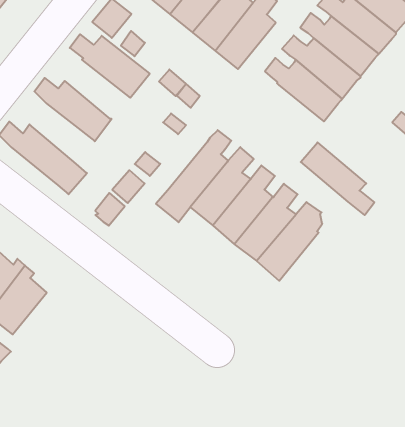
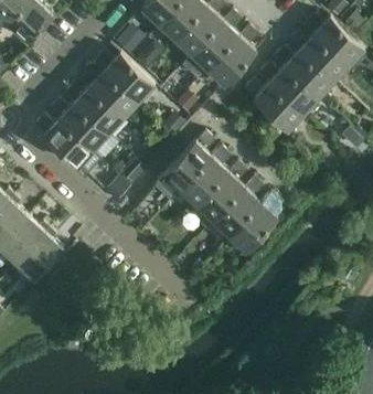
building: none -> [78,67,138,119]
building: none -> [49,100,108,152]
building: [301,142,374,215] -> none

